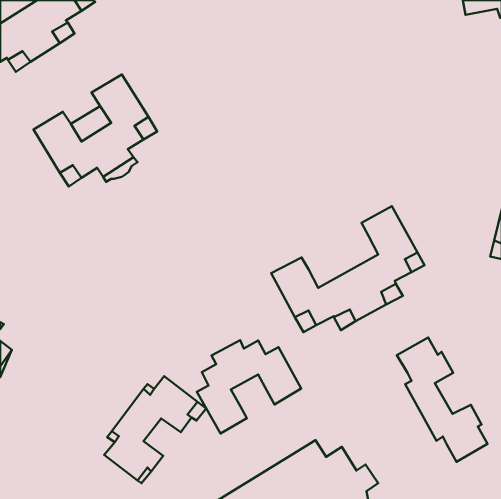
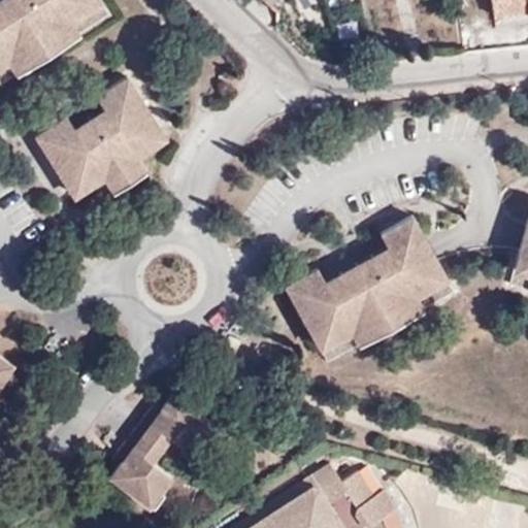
building: none -> [325,251,398,305]
building: [397,338,488,462] -> none
building: [197,340,301,434] -> none

